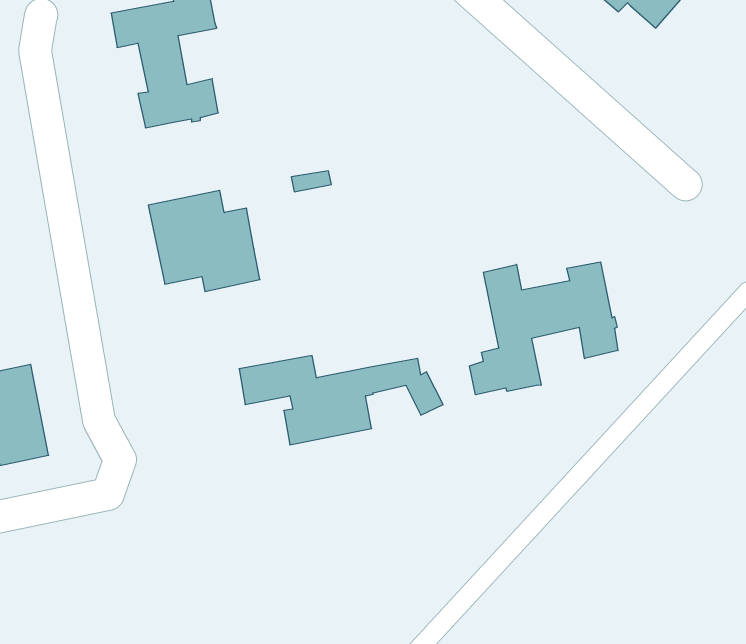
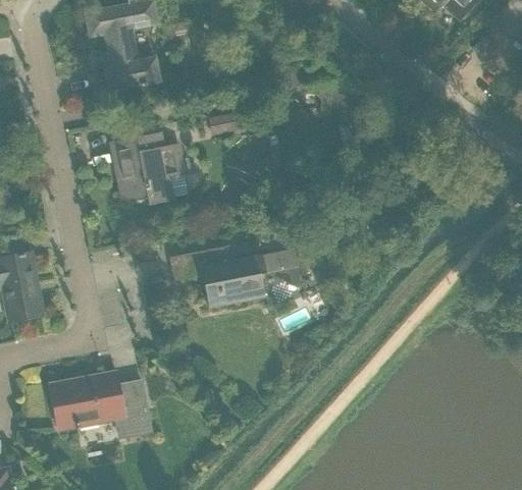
building: [469,262,618,395] -> none
building: none -> [50,370,151,436]

